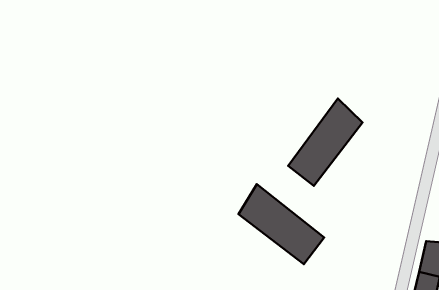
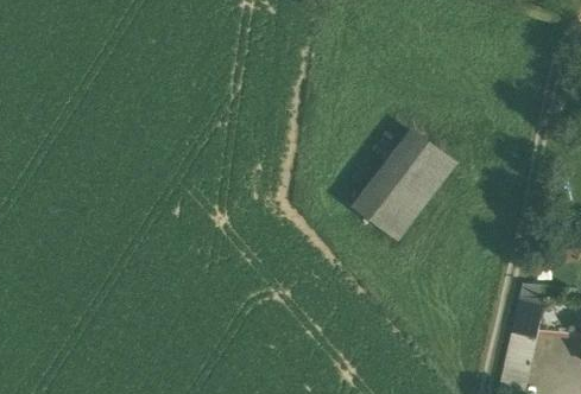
building: [239,184,324,264] -> none

